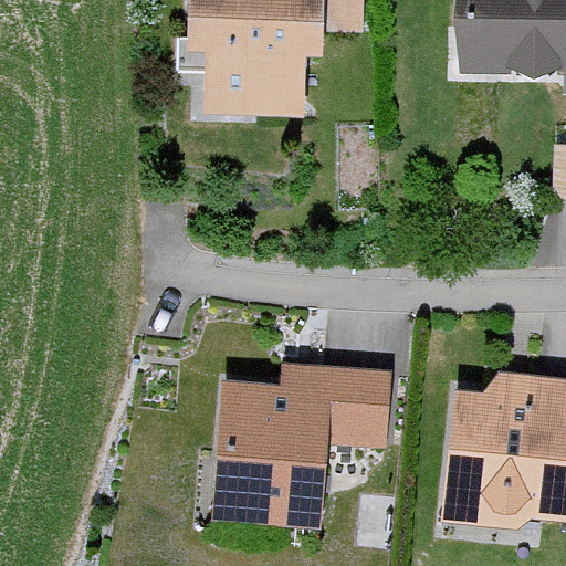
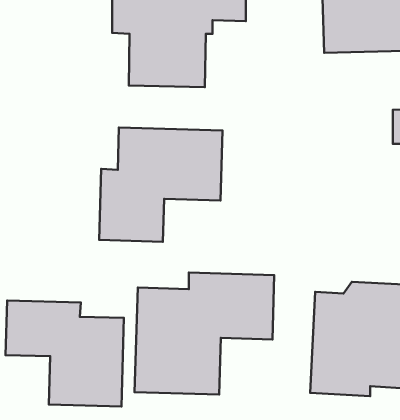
building: none -> [99,128,223,242]
building: none -> [5,300,124,407]

